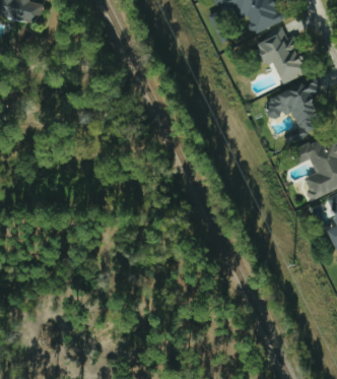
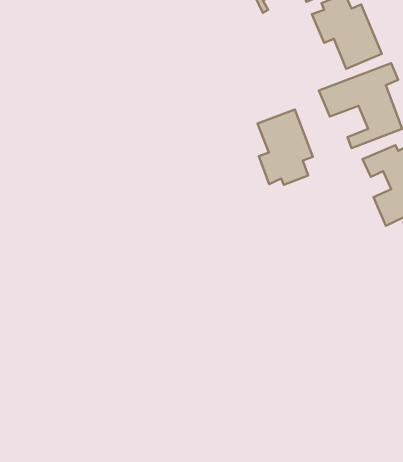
building: none -> [258,109,313,185]

